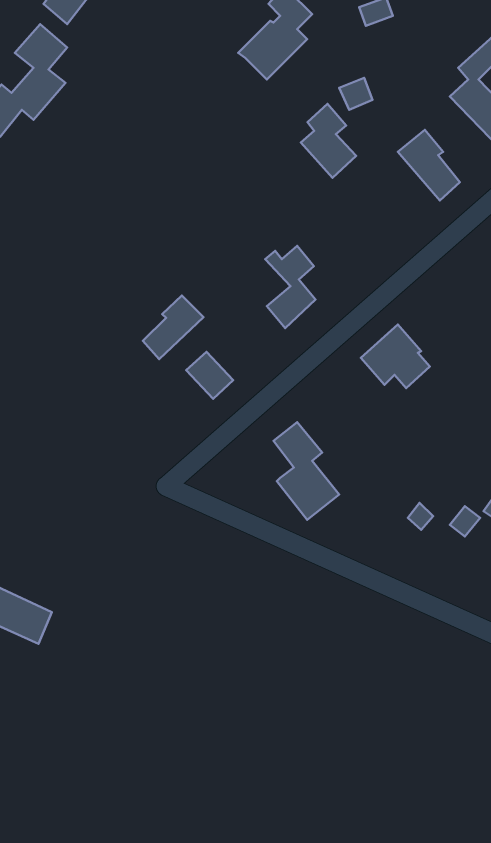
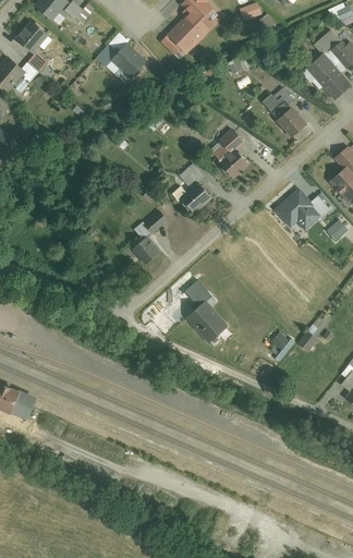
building: none -> [90,37,147,82]
building: [301,104,356,178] -> [217,130,253,178]
building: [143,295,204,359] -> none
building: [361,324,430,388] -> [273,187,318,229]

